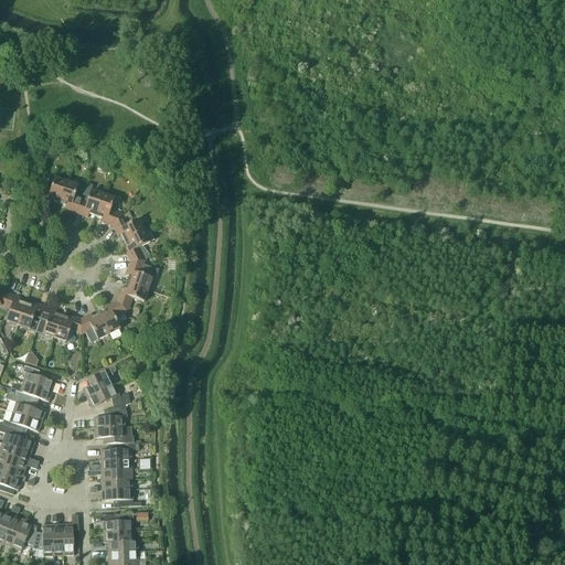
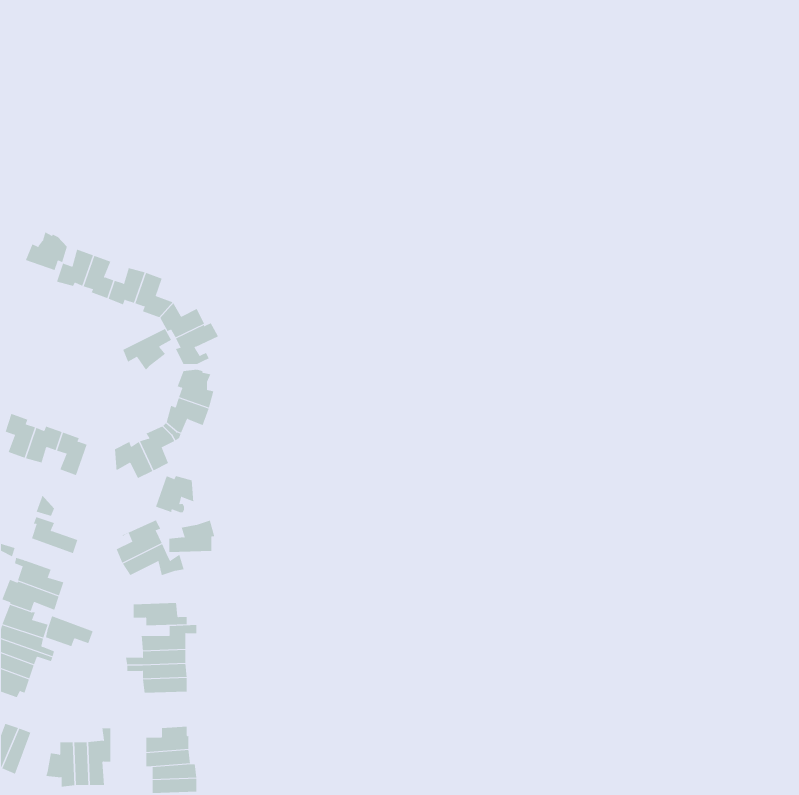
building: none -> [25,232,68,271]
building: none -> [122,328,172,371]
building: [54,313,82,340] -> [155,475,194,513]
building: [18,380,52,402] -> [45,616,94,647]
building: [94,403,127,426] -> [168,520,215,553]
building: [102,488,141,505] -> none
building: [11,516,36,550] -> none

